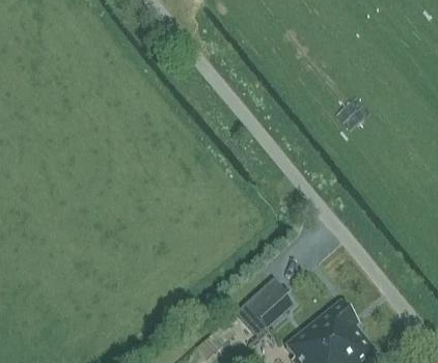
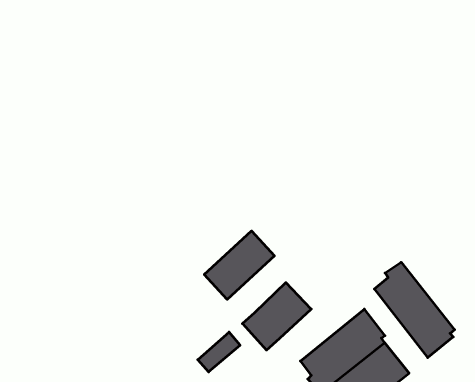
building: none -> [204,231,274,299]
building: none -> [374,262,455,358]

